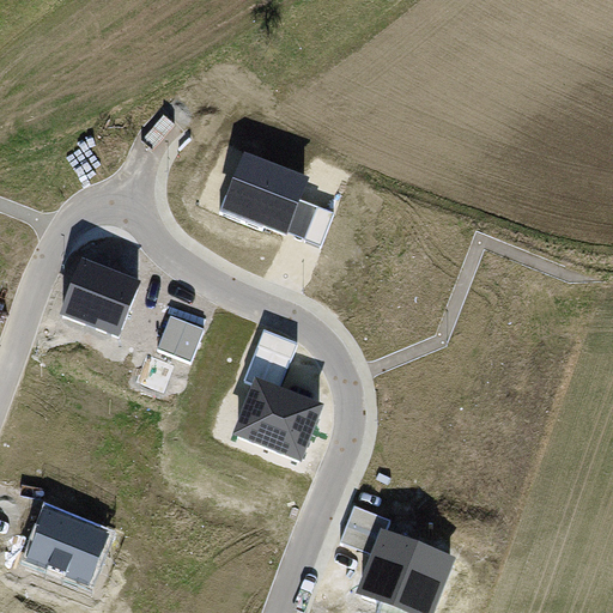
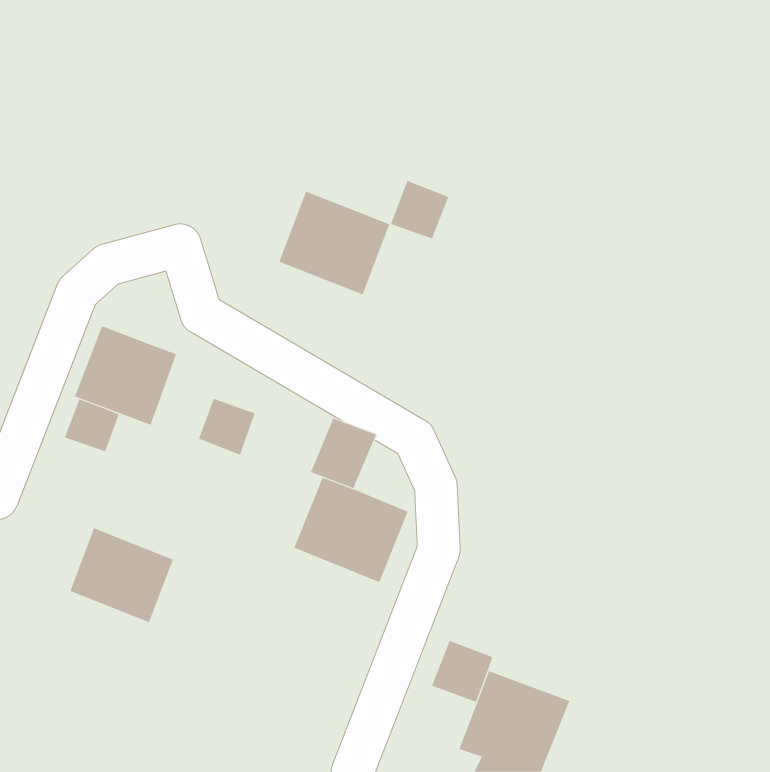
building: [287,199,334,245] -> [390,180,449,239]
building: none -> [64,399,120,452]
building: [24,506,107,582] -> [69,528,174,623]

